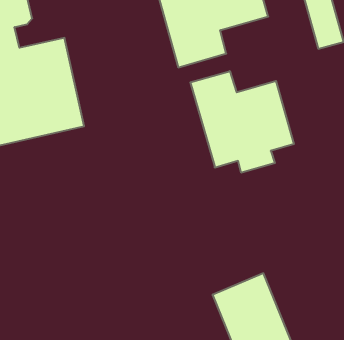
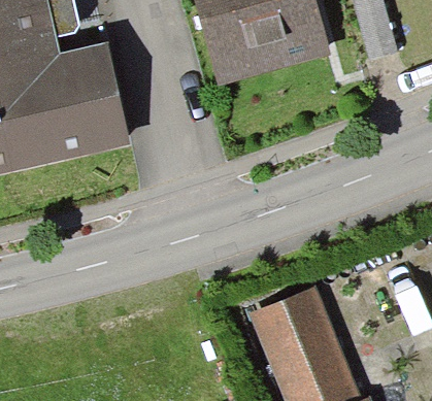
building: [190,71,294,173] -> none

